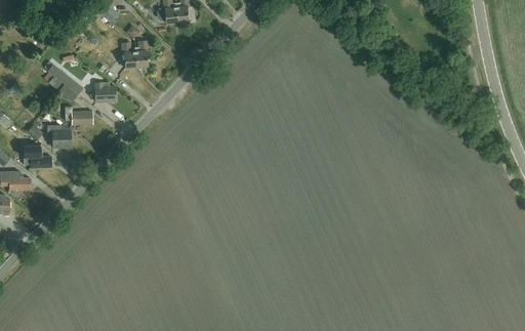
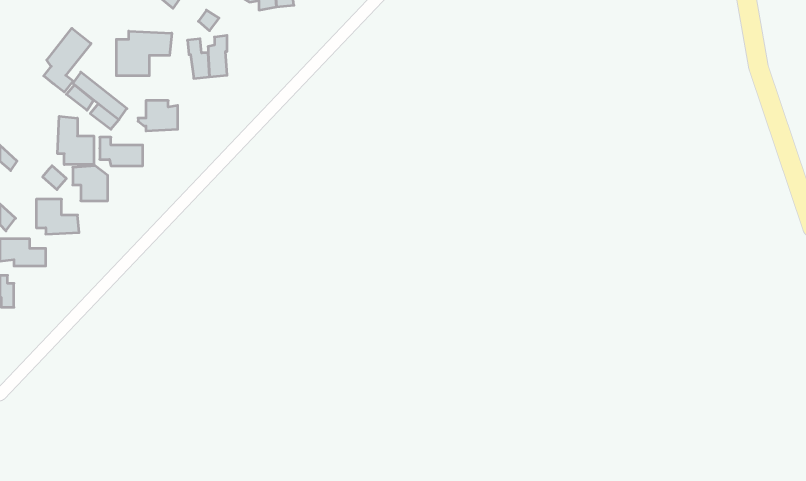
building: none -> [44,28,91,92]
building: none -> [116,31,172,76]
building: none -> [58,116,94,165]

